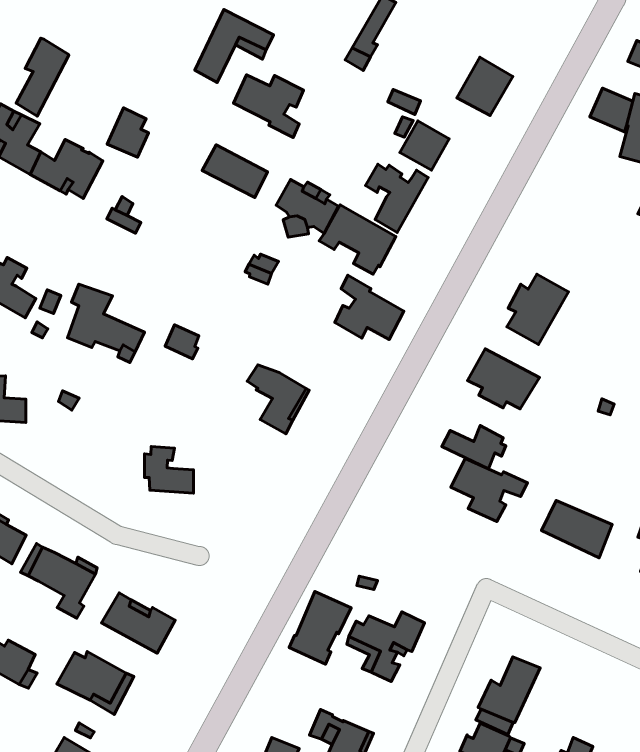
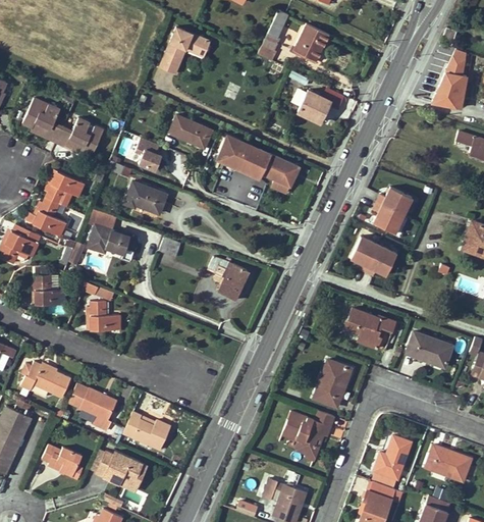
building: [16,38,69,116] -> none
building: [457,57,513,116] -> [293,23,329,61]
building: [233,75,303,137] -> none
building: [107,108,148,157] -> [135,139,161,170]
building: [365,164,428,233] -> none
building: none -> [46,171,85,207]
building: none -> [125,182,166,214]
building: [335,275,404,340] -> none
building: [442,426,506,469] -> none
building: [145,447,193,493] -> [87,302,120,330]
building: [289,591,351,664] -> [313,360,352,407]
building: none -> [426,446,471,481]

